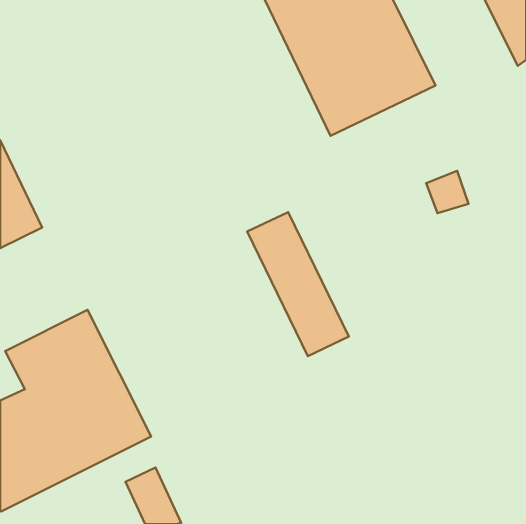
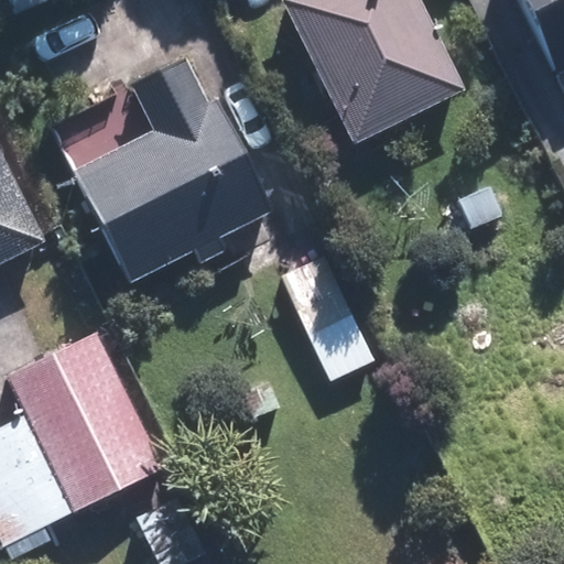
building: none -> [74,57,271,283]

